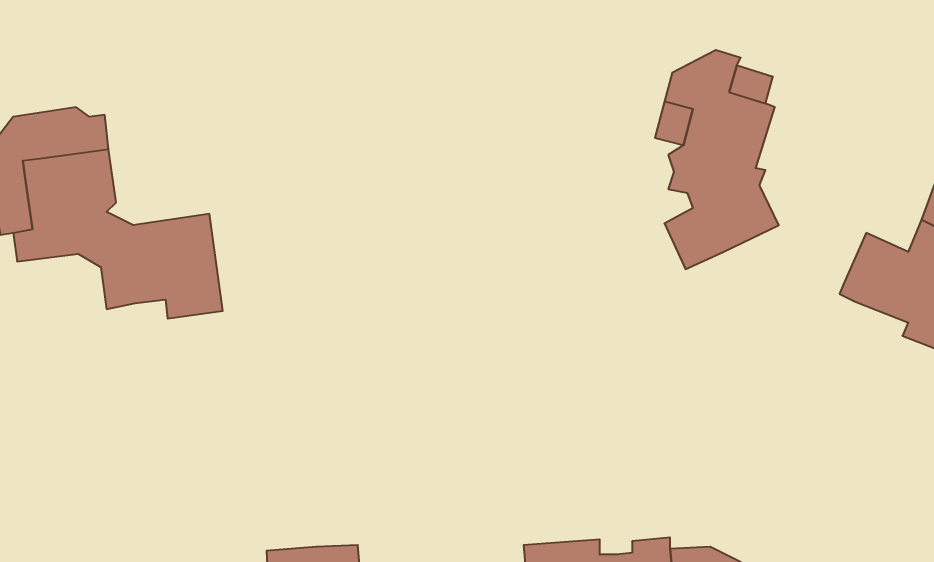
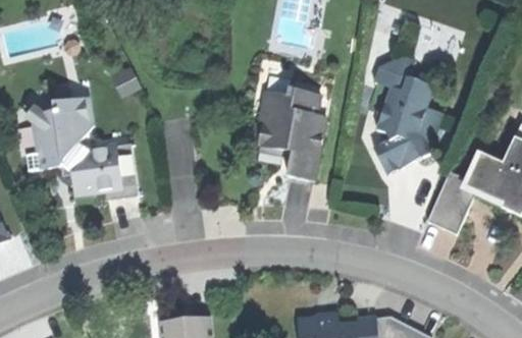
building: none -> [248,89,326,180]
building: none -> [427,172,476,234]

